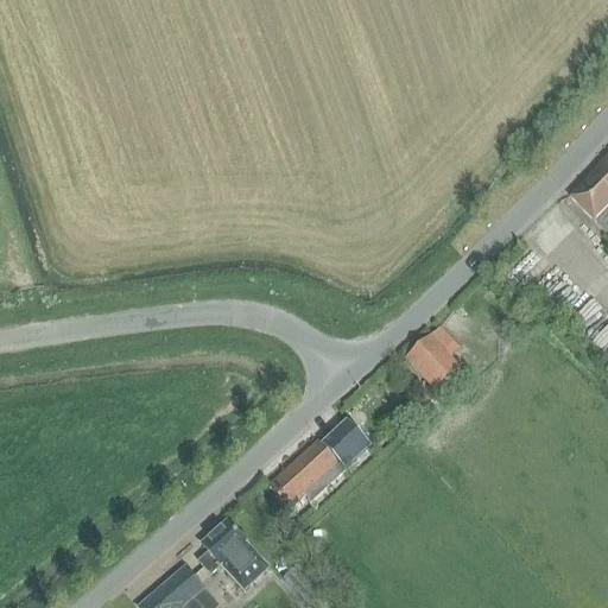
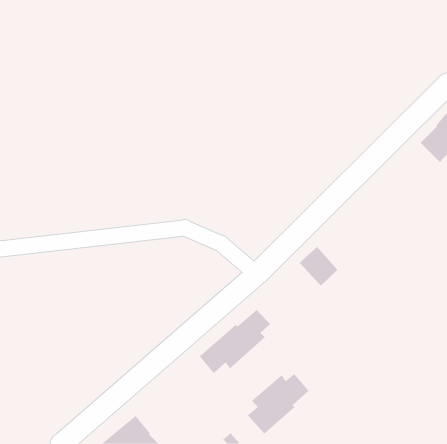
building: none -> [247,373,309,434]
building: [200,520,270,590] -> none

